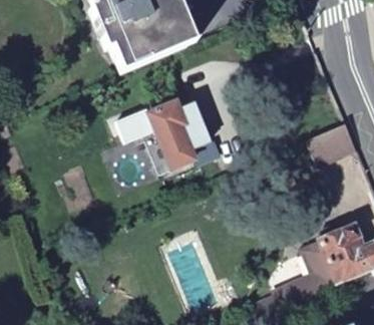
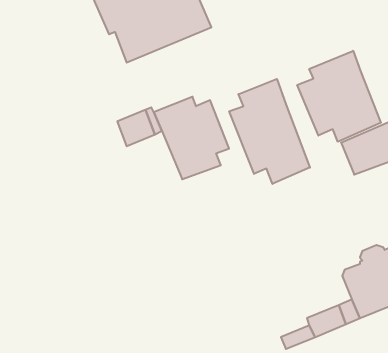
building: none -> [297,51,381,142]
building: none -> [229,79,310,184]

